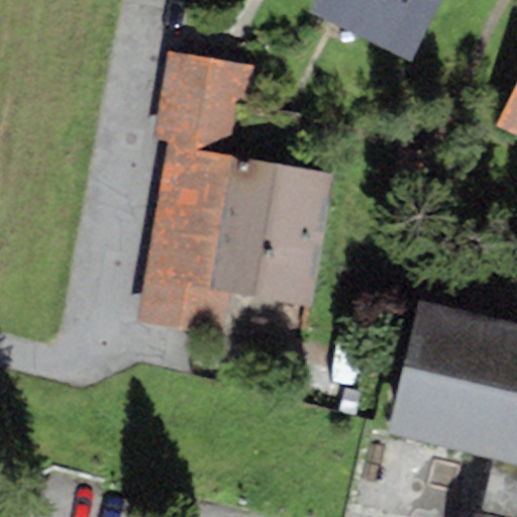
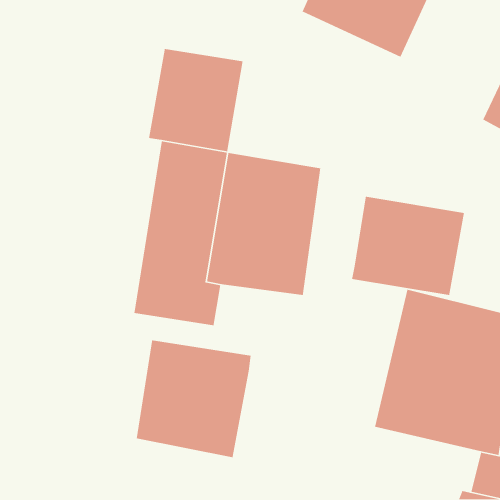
building: none -> [351,196,465,296]
building: none -> [136,339,251,458]

